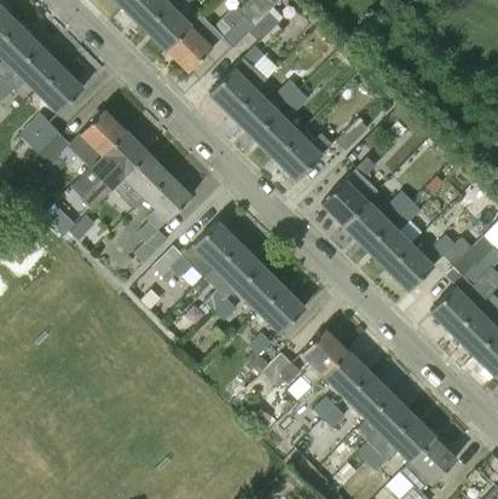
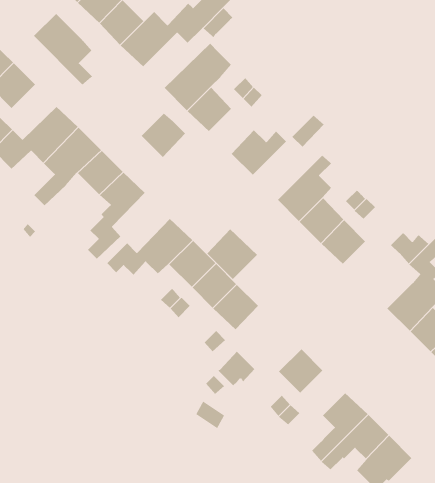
building: none -> [33,13,93,85]
building: [255,112,300,157] -> [141,113,186,158]
building: none -> [207,229,258,280]
building: [388,244,434,290] -> none
building: [302,329,347,383] -> none
building: [346,372,390,417] -> none

